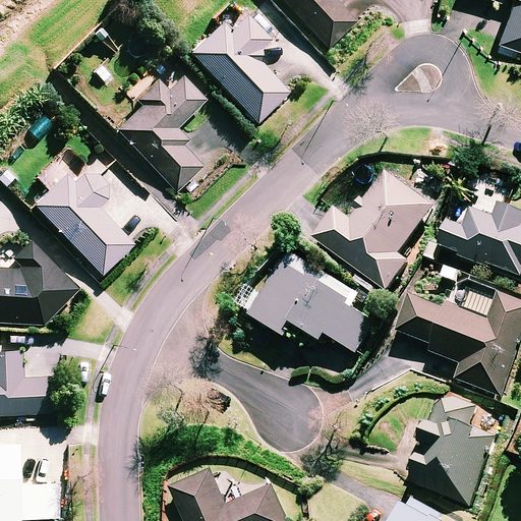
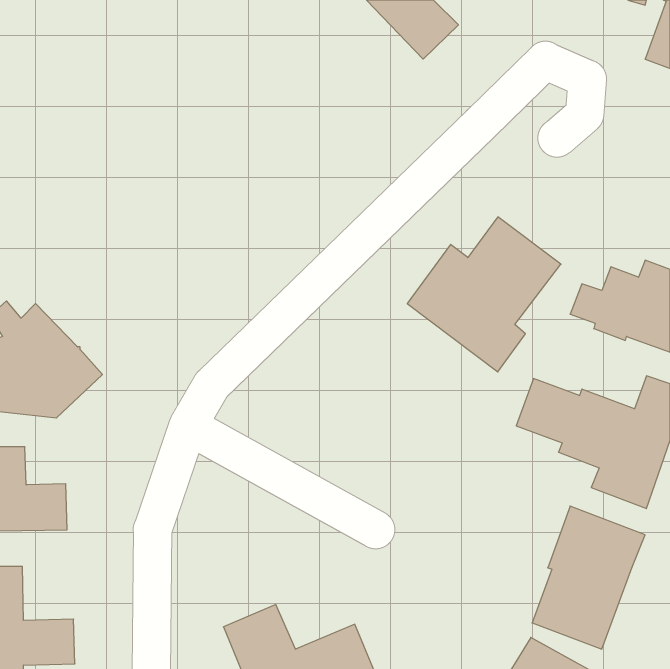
building: [189,13,288,122] -> none
building: [116,72,207,191] -> none
building: [33,171,133,275] -> none
building: [251,251,378,352] -> none

